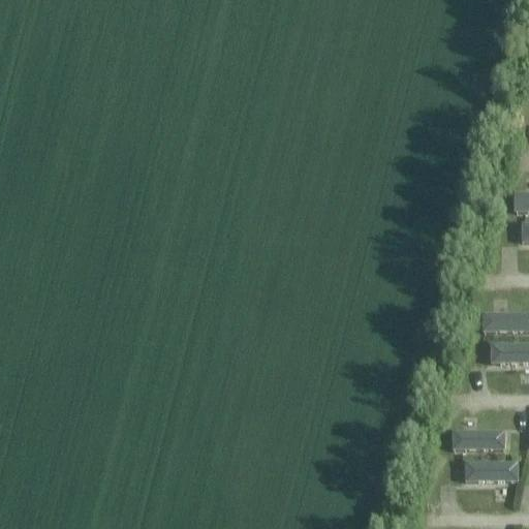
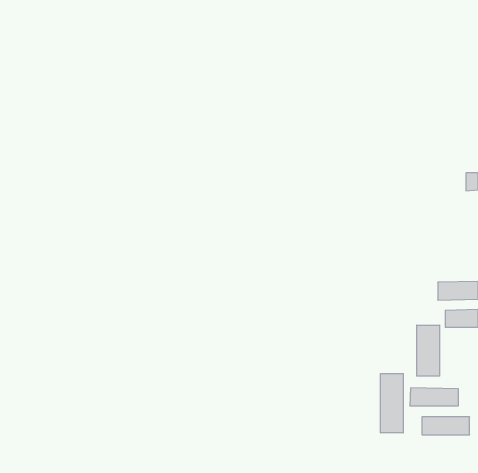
building: none -> [417,325,440,376]
building: none -> [381,374,403,433]

